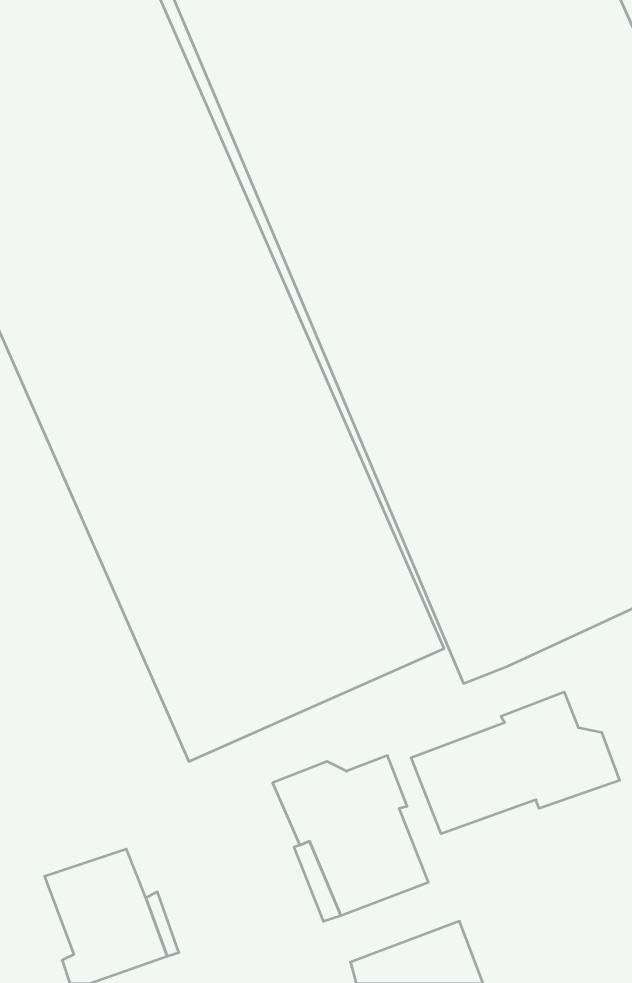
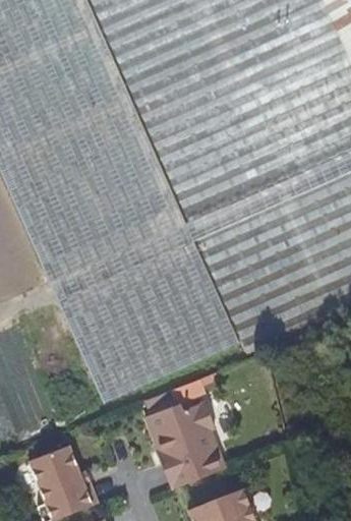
building: [411,692,620,834] -> none

